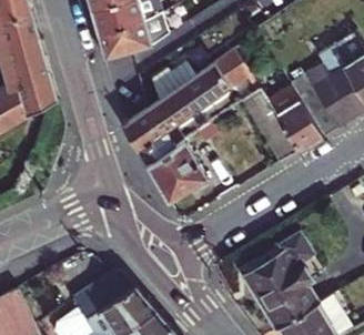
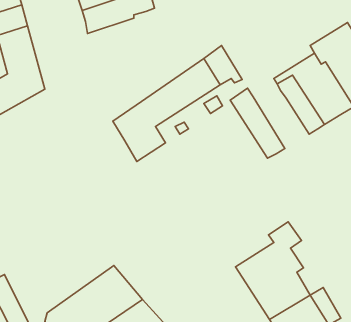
building: [97,13,170,63] -> none
building: [148,57,196,99] -> none
building: [262,84,321,155] -> none
building: [146,145,206,205] -> none

